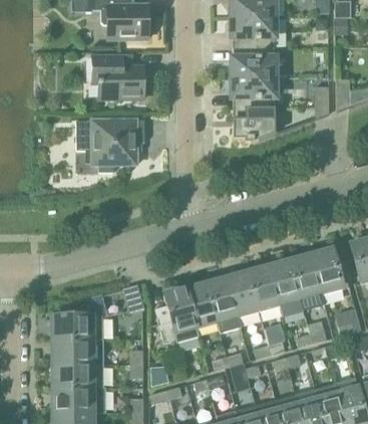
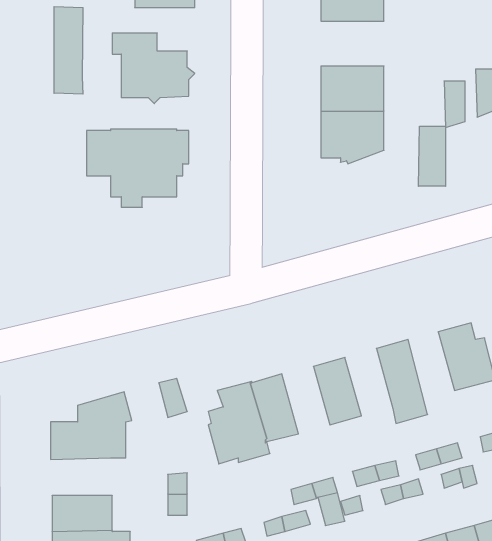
building: none -> [54,7,83,94]
building: [233,46,275,76] -> none
building: none -> [418,126,446,186]
building: [291,254,325,309] -> none
building: [249,265,281,310] -> none
building: [207,277,240,331] -> none
building: [52,339,103,364] -> none

